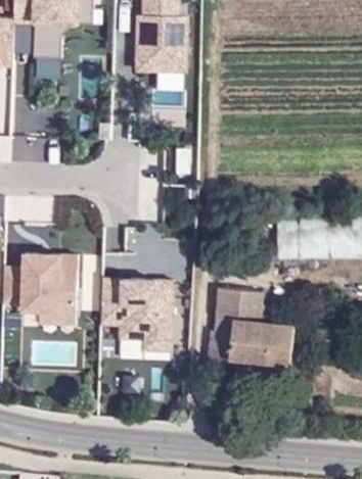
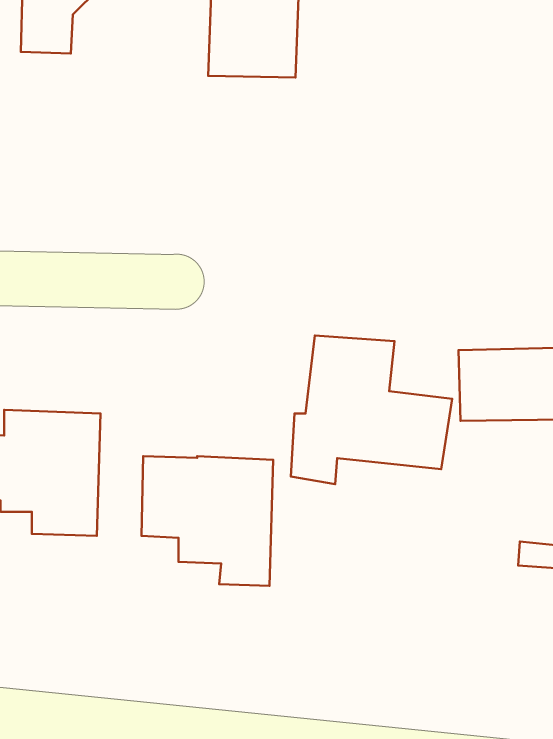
building: [206,290,295,372] -> [291,336,452,484]

